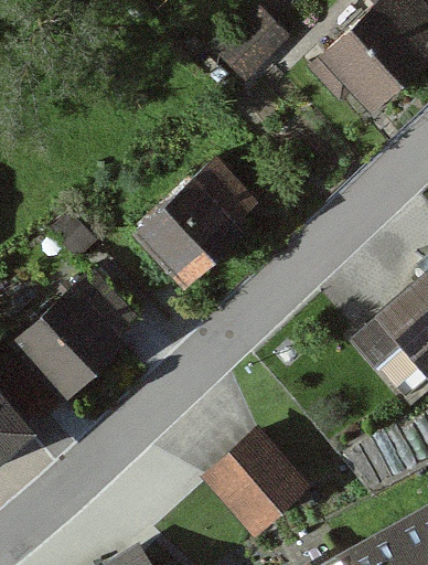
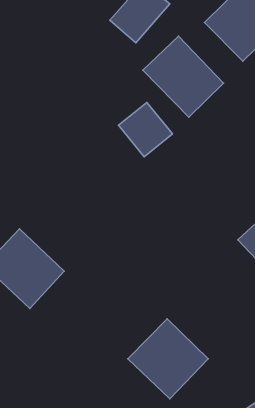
building: none -> [143,36,224,117]
building: [138,185,242,288] -> none

